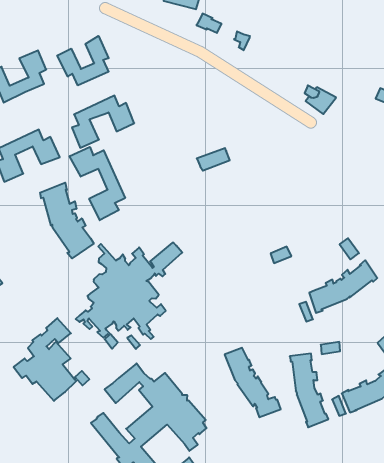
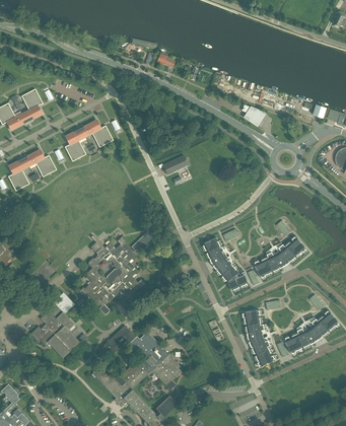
building: [57,36,109,85] -> none
building: [70,147,125,220] -> none
building: [40,183,94,258] -> none
building: [225,348,281,417] -> [202,237,248,290]

